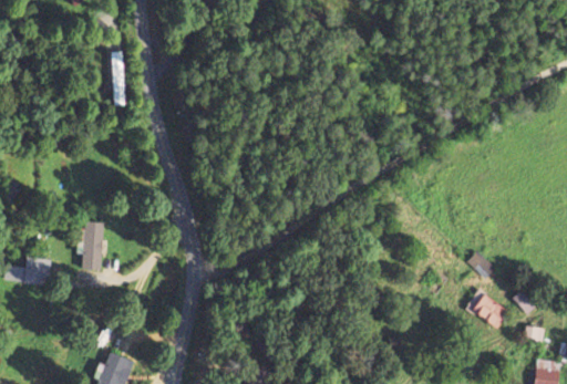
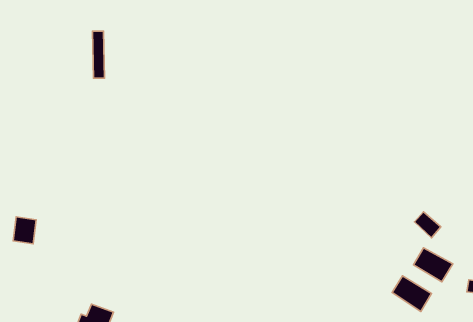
building: [82,222,104,271] -> none
building: none -> [392,276,432,311]

